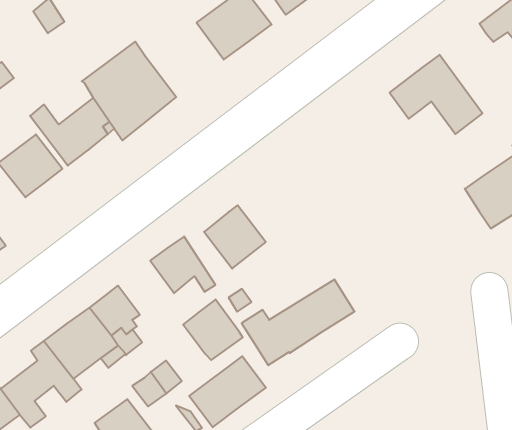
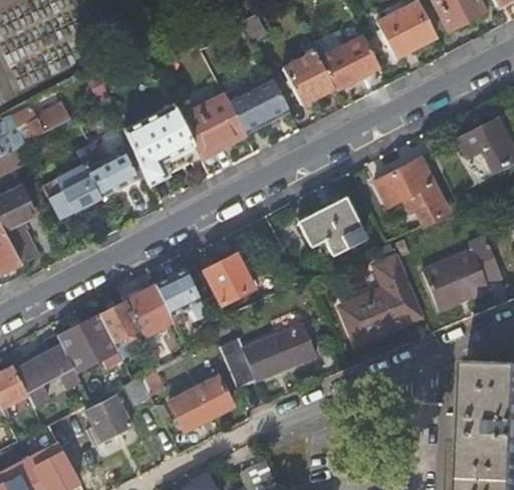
building: none -> [179,94,243,156]
building: none -> [297,197,363,253]
building: none -> [339,255,423,343]
building: [183,299,243,360] -> [124,286,172,335]

